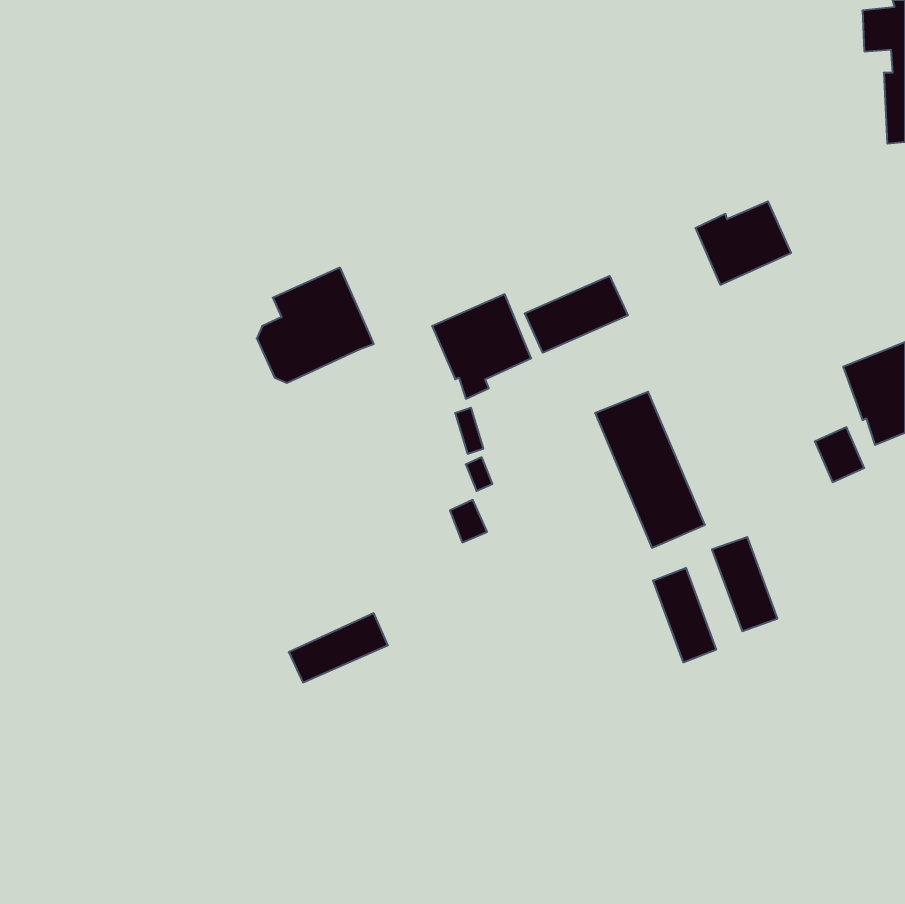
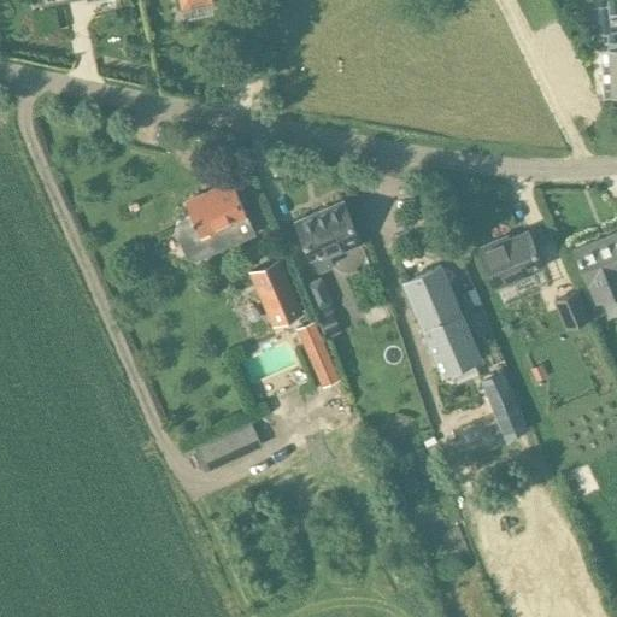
building: [695,201,791,285] -> [477,231,542,288]
building: [525,276,628,353] -> none
building: none -> [248,259,302,327]
building: [653,568,716,662] -> none

